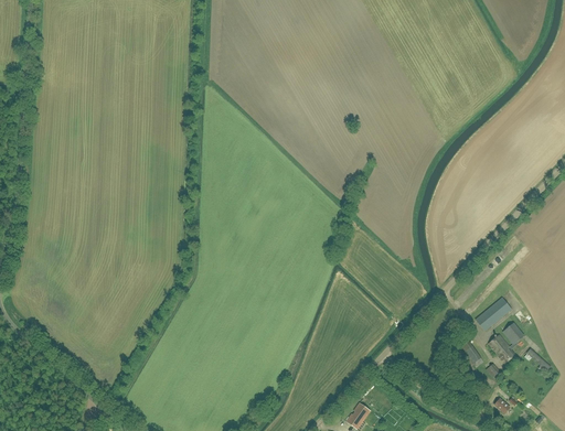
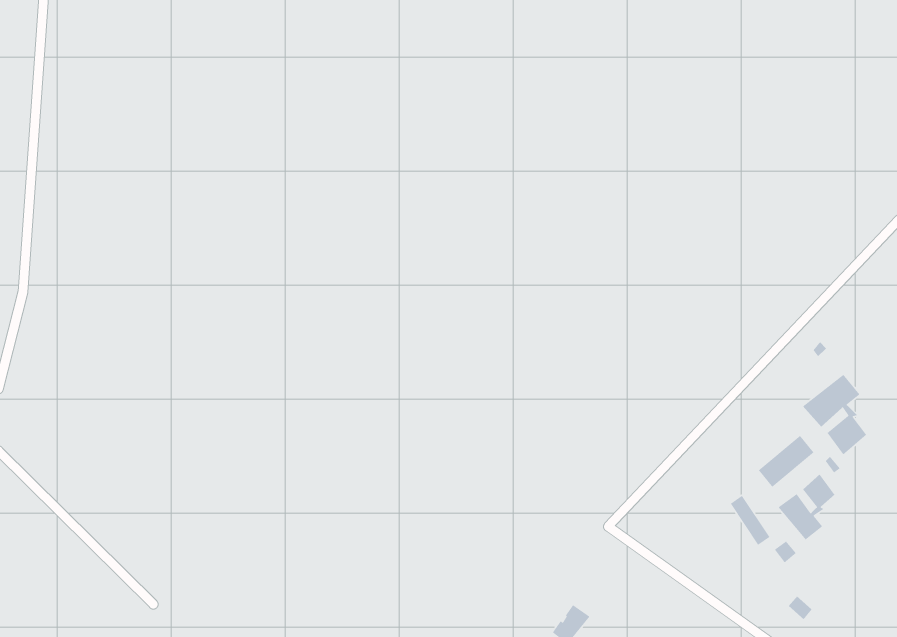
building: none -> [802,374,867,456]

